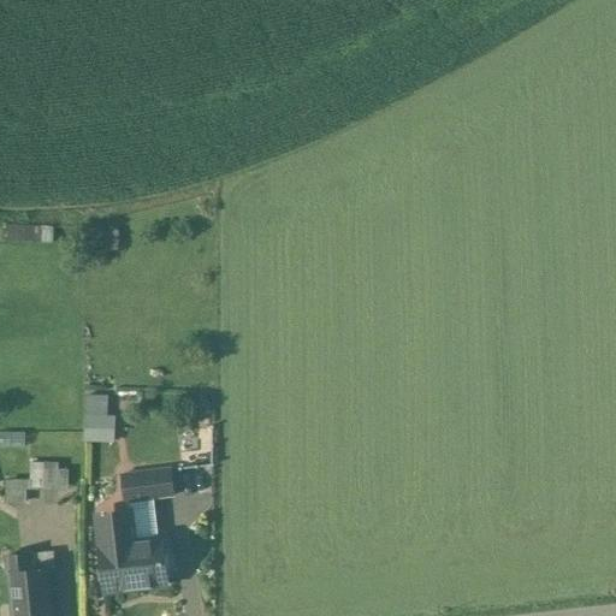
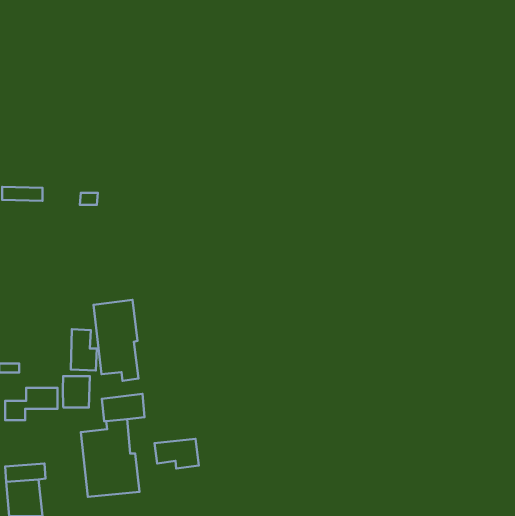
building: none -> [93,300,139,381]
building: none -> [63,376,90,408]
building: none -> [155,439,199,468]

